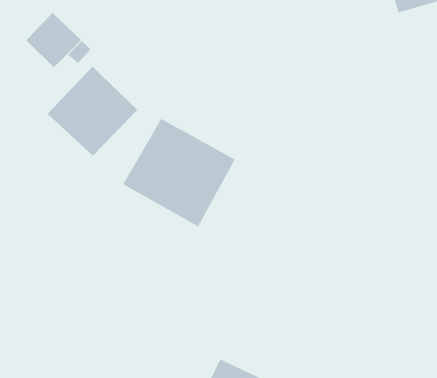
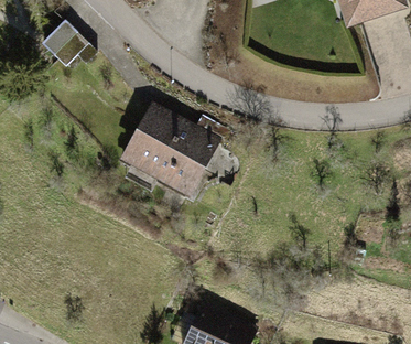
building: [47,66,138,157] -> none

